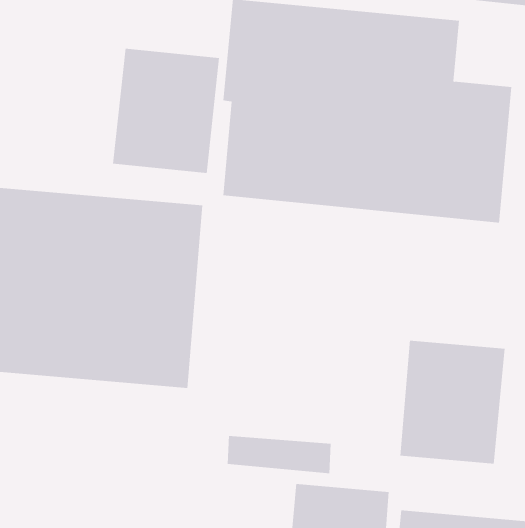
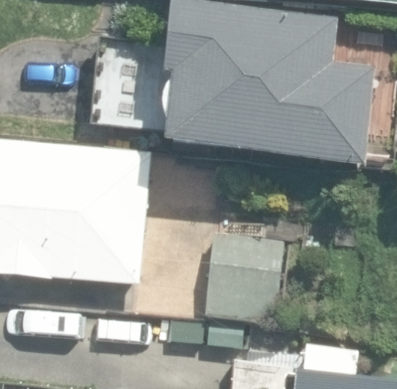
building: [399,340,506,464] -> [205,233,282,323]

